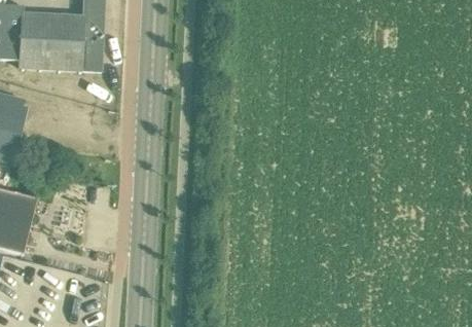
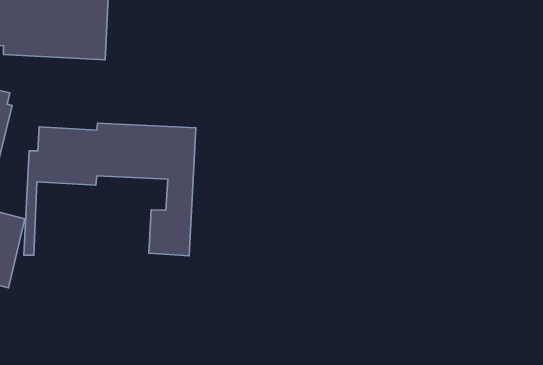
building: none -> [24,123,196,256]

